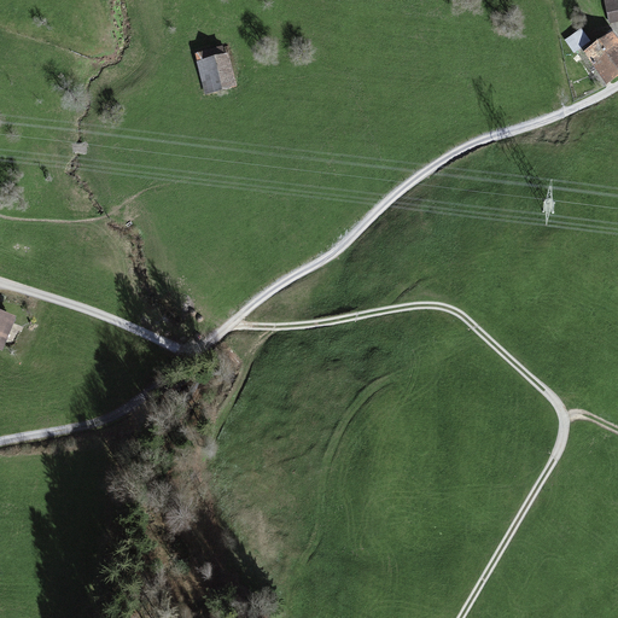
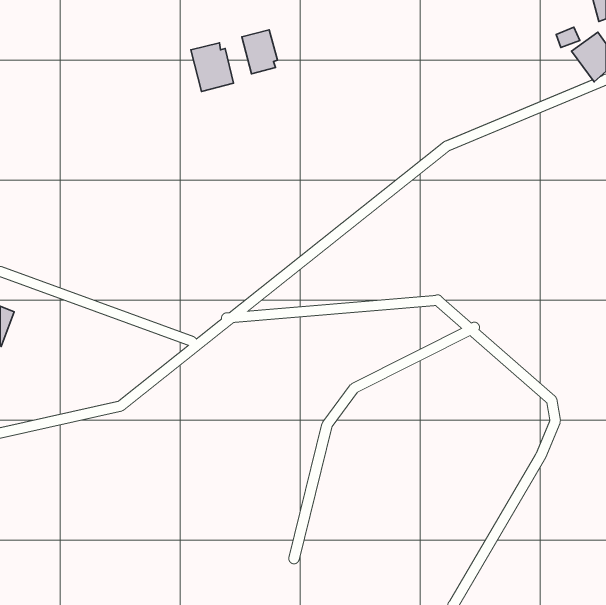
building: none -> [242,30,277,74]

